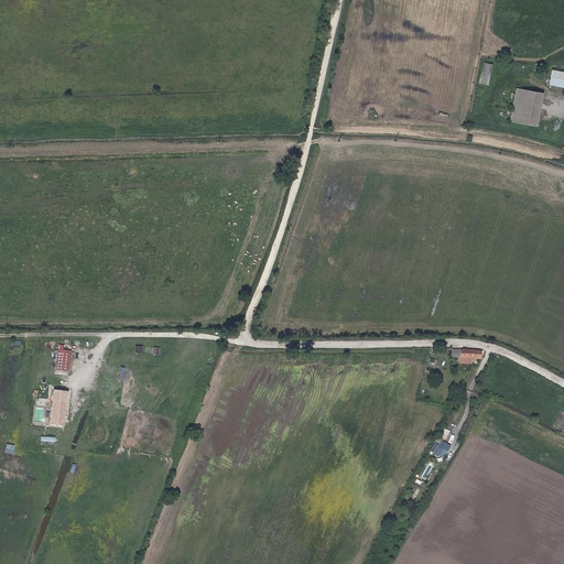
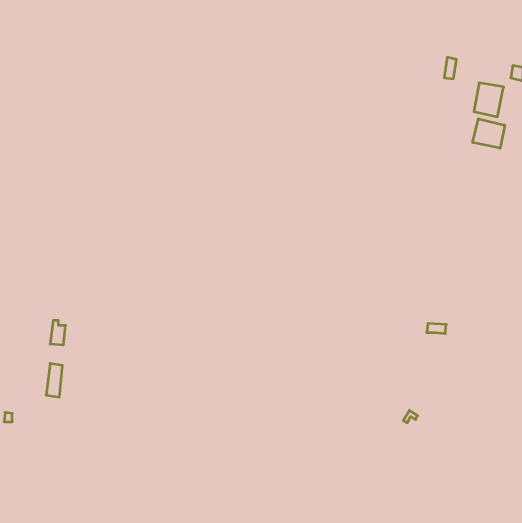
building: none -> [473,119,505,148]

